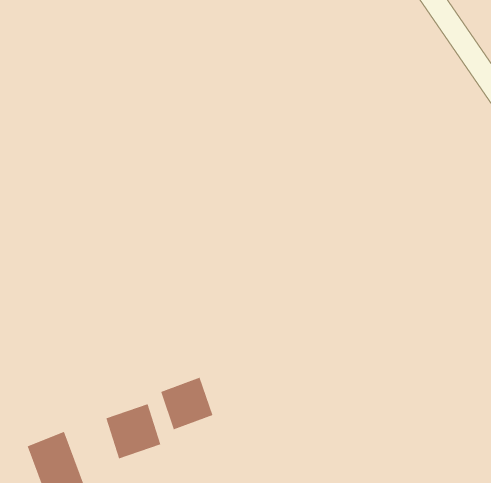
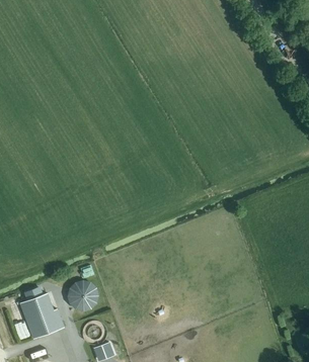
building: [160,377,213,430] -> none

